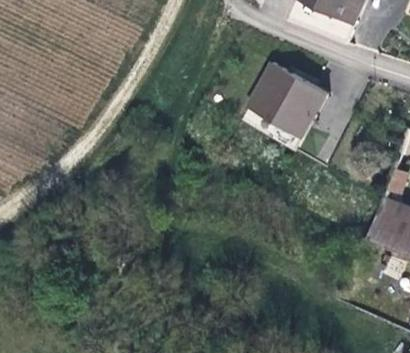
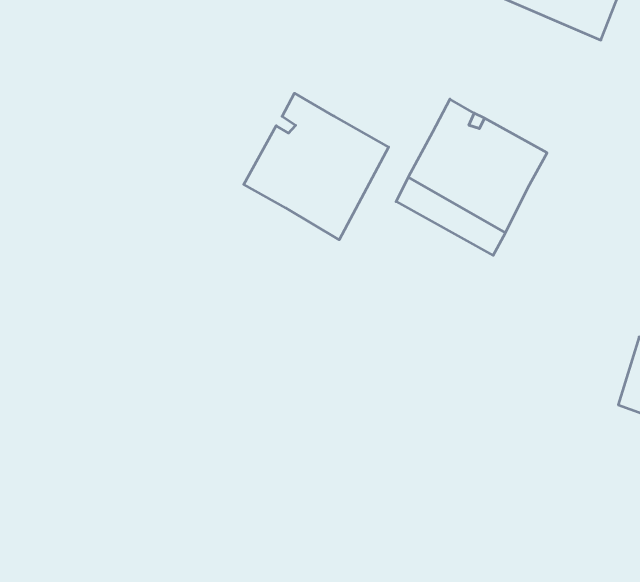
building: none -> [244,93,389,240]

